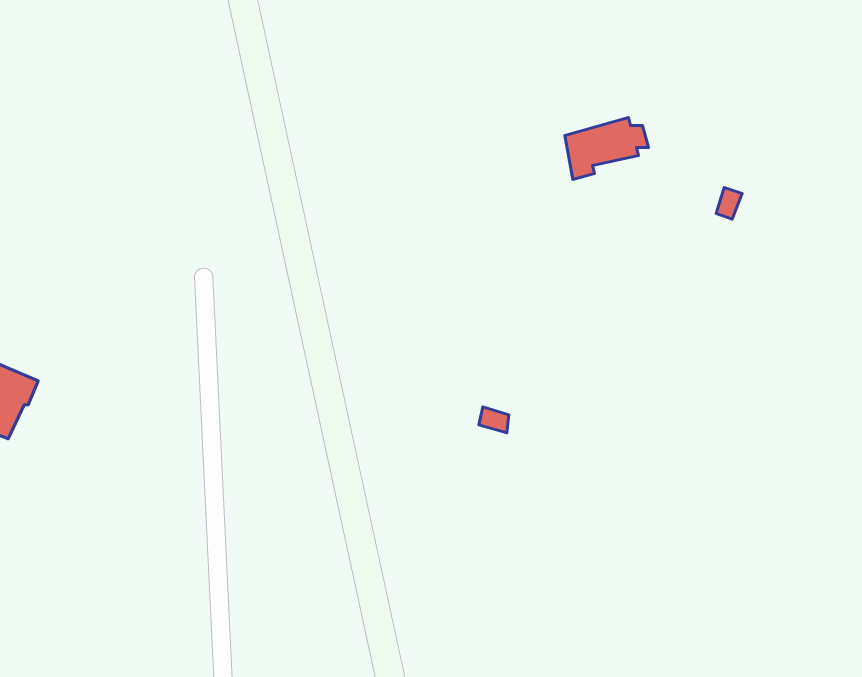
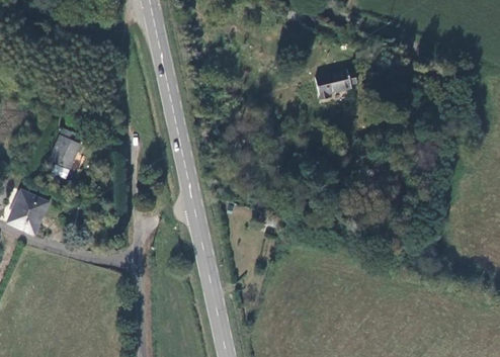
building: none -> [51,127,81,167]

